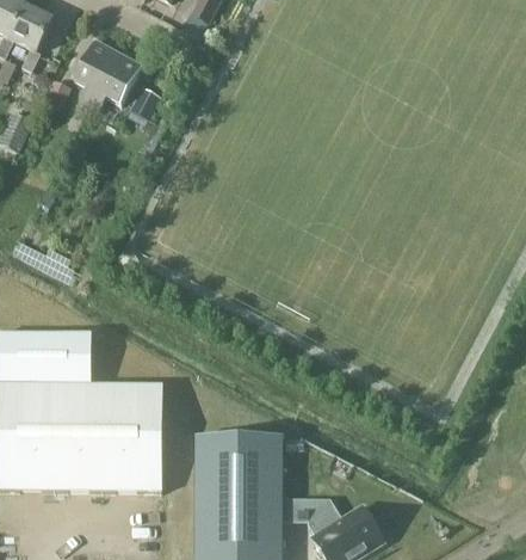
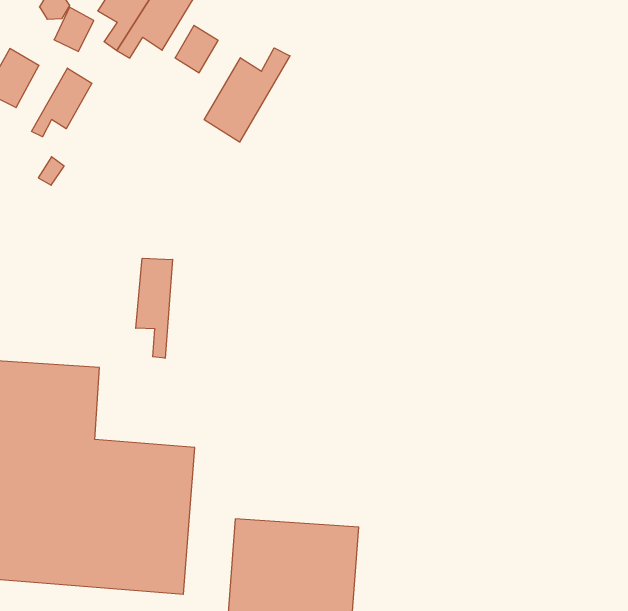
building: none -> [204,48,290,142]
building: none -> [32,68,92,137]
building: none -> [136,258,173,358]

